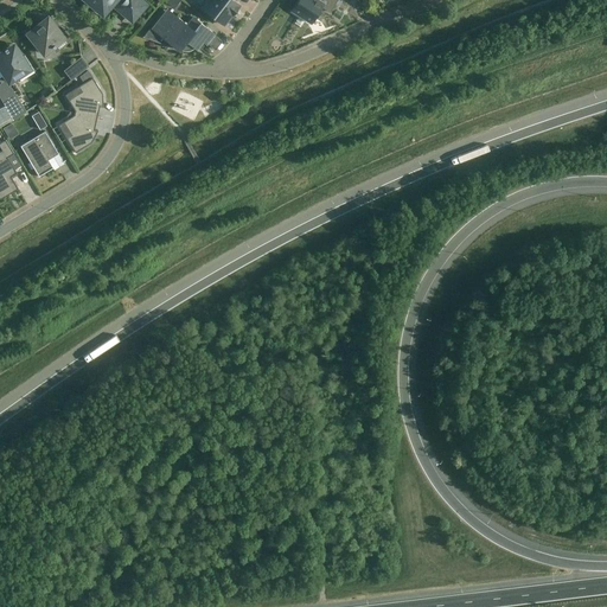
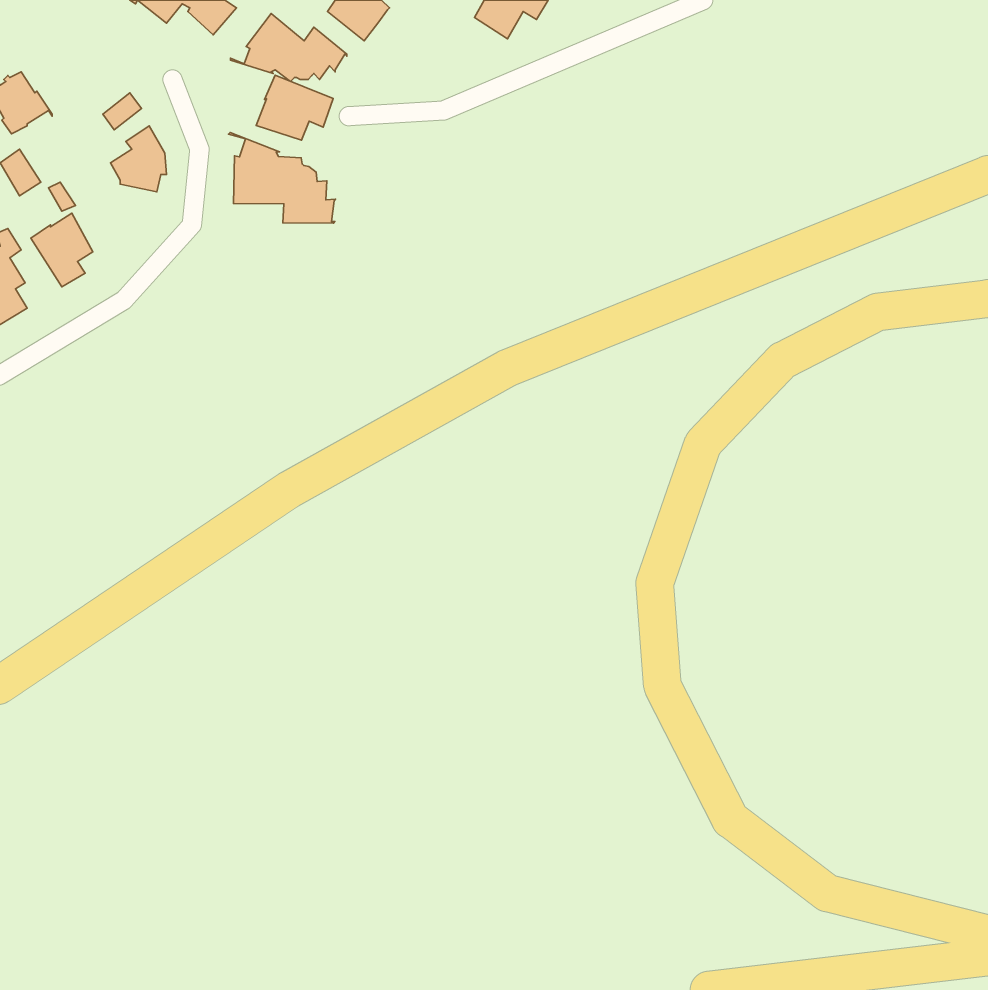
building: [26,17,69,53] -> none
building: none -> [256,75,333,140]
building: none -> [229,132,335,223]
building: [62,113,96,152] -> none

